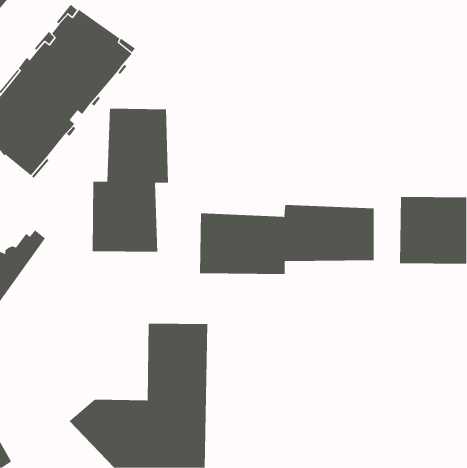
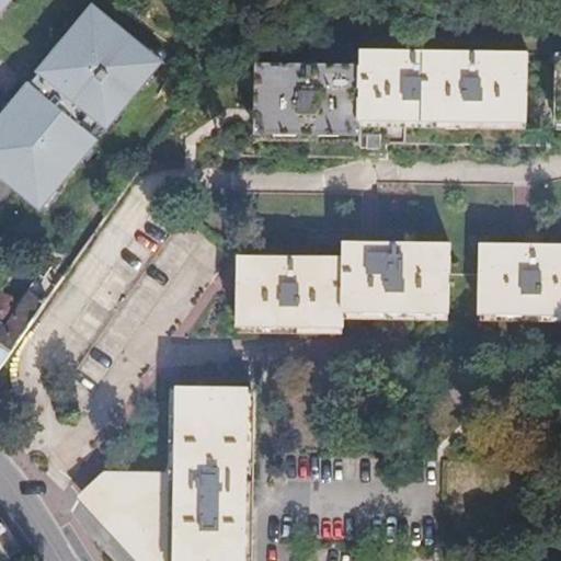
building: none -> [255,49,525,165]
building: [92,108,169,252] -> none

